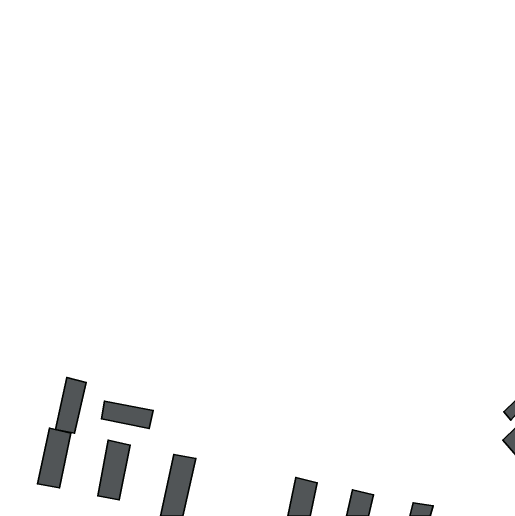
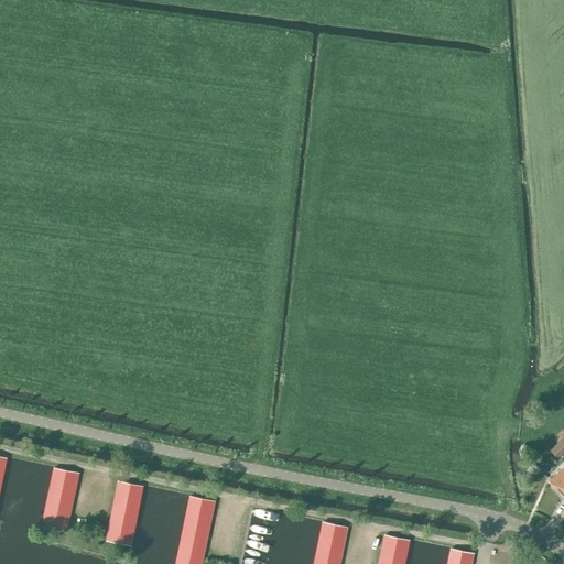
building: [55,378,86,433] -> none
building: [101,401,153,429] -> none

